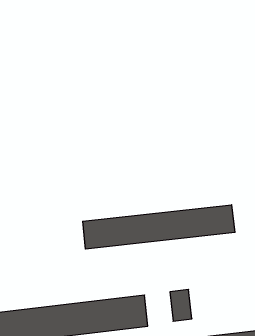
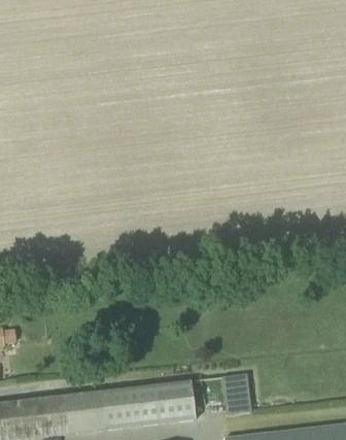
building: [83,205,235,249] -> none

